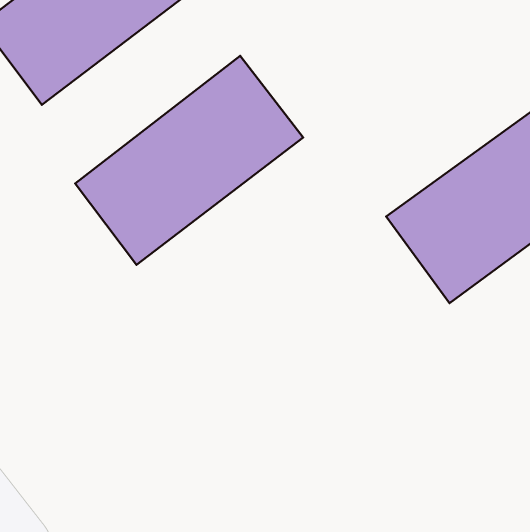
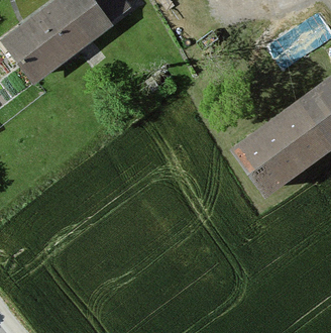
building: [75,56,303,265] -> none

